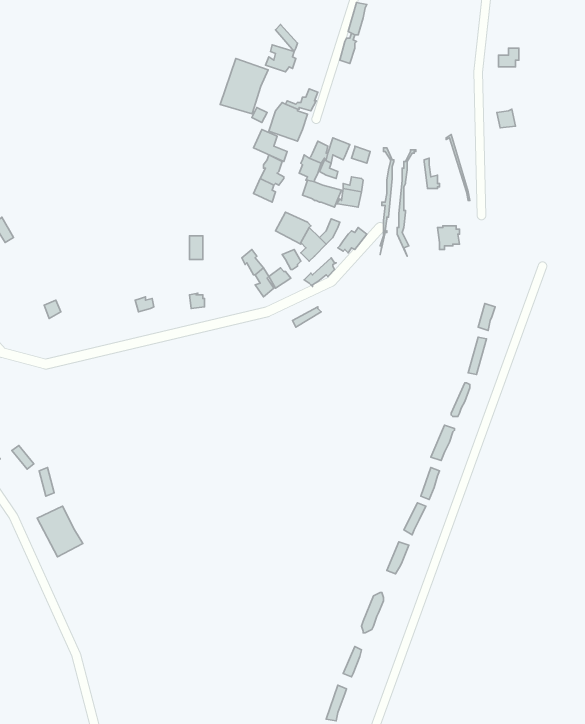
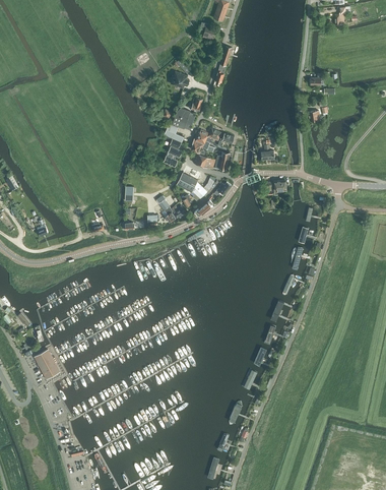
building: [220,59,268,114] -> none

